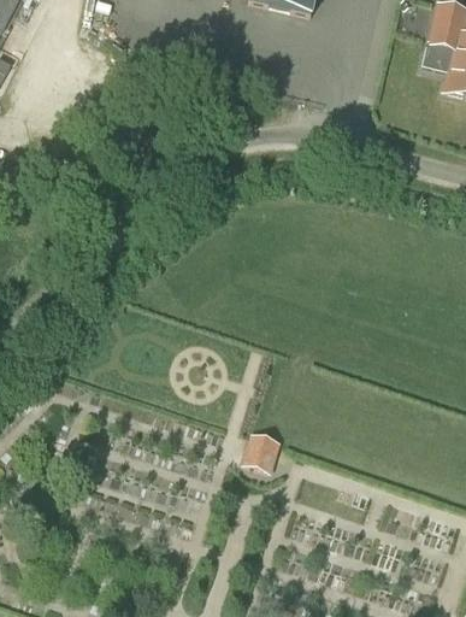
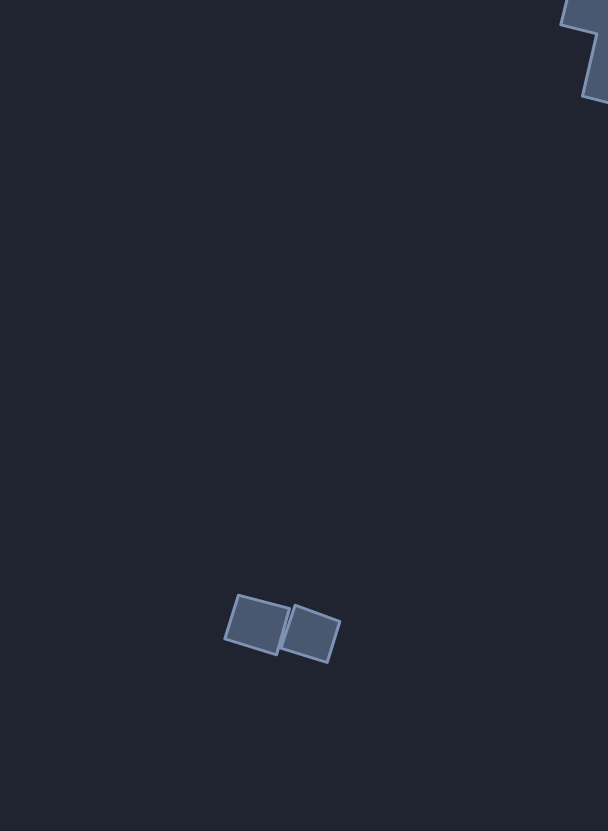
building: none -> [225,595,289,655]

